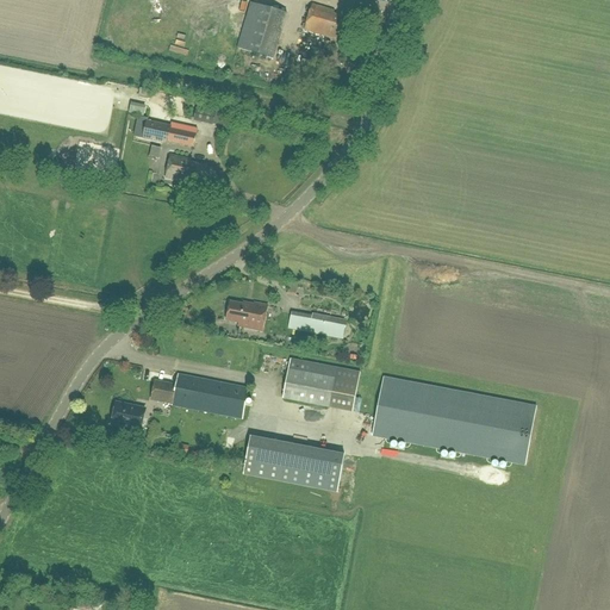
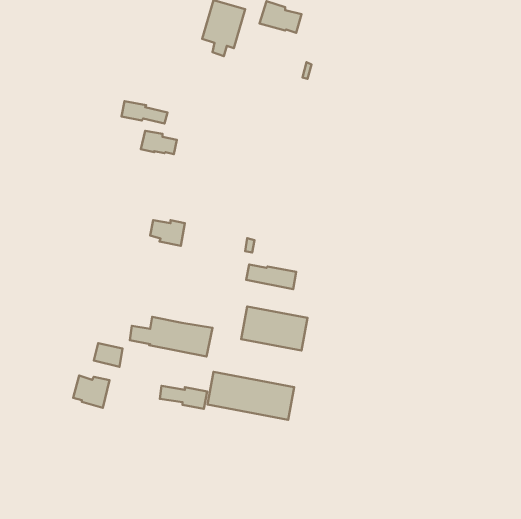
building: [225,299,266,329] -> [150,220,185,246]
building: [371,374,535,462] -> none
building: none -> [73,376,109,408]
building: none -> [160,386,207,409]

